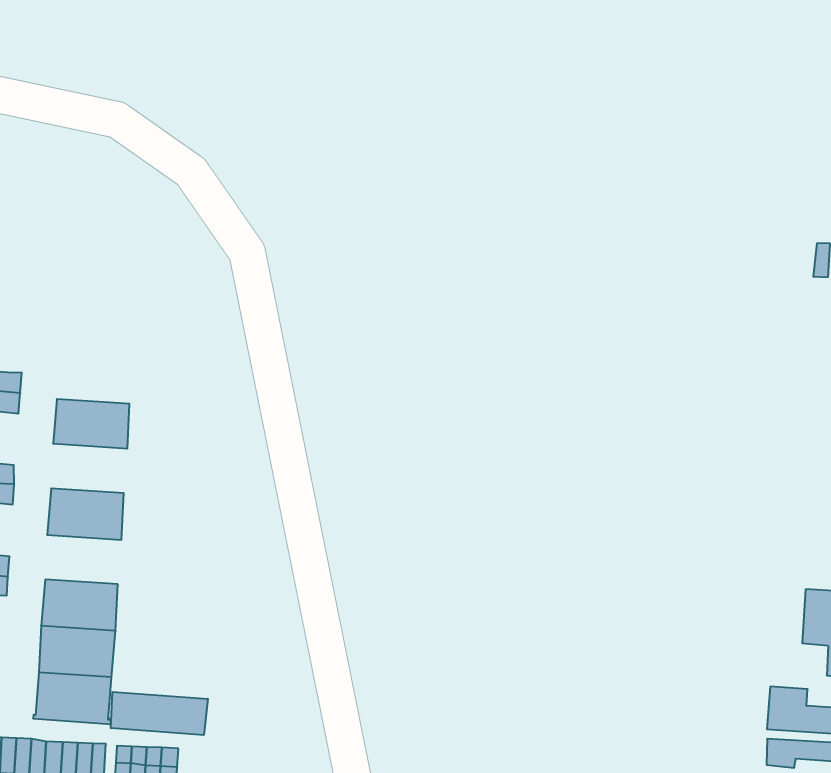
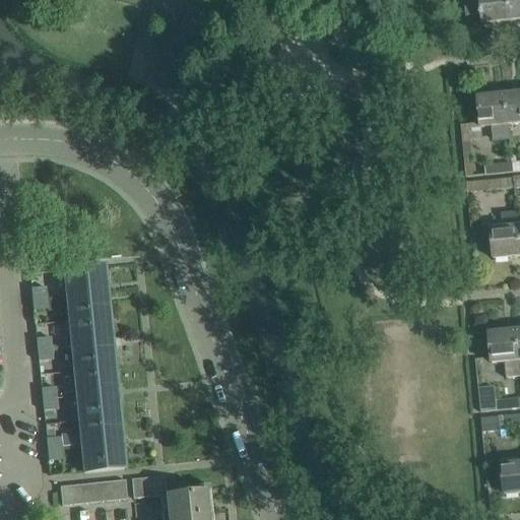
building: none -> [63,264,107,297]
building: none -> [69,317,112,345]
building: none -> [74,367,117,395]
building: [111,692,208,735] -> none

